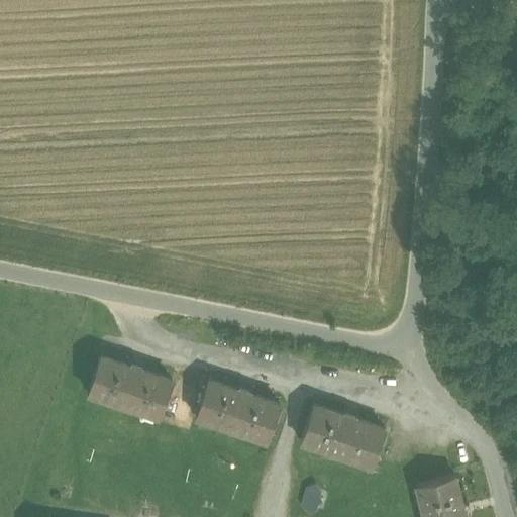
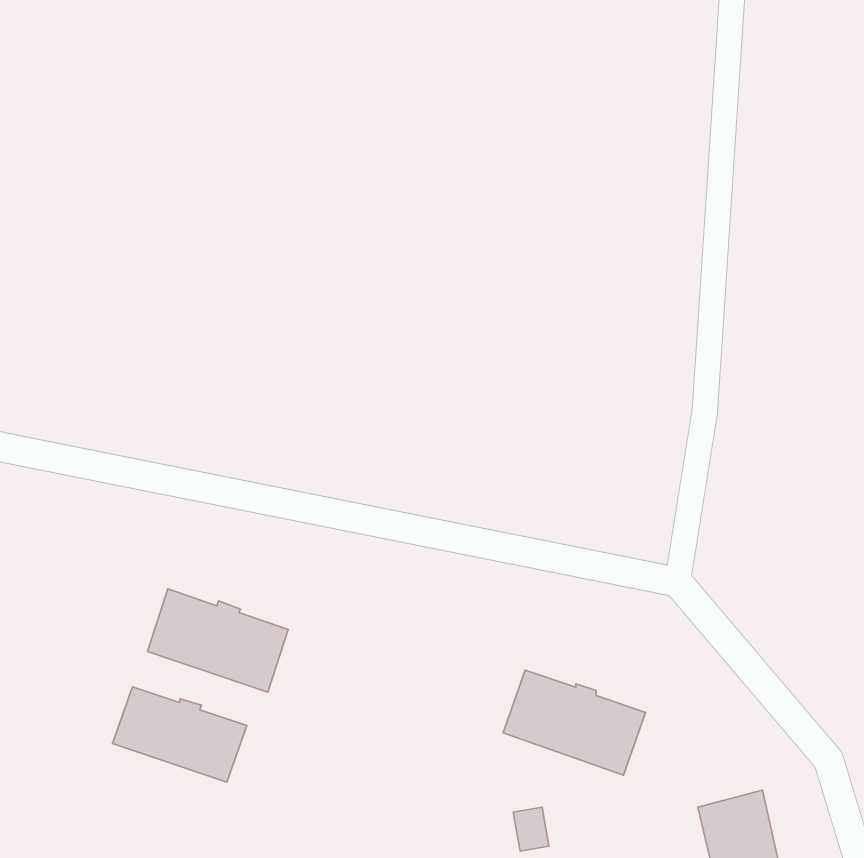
building: [196,379,281,441] -> none
building: none -> [113,687,247,782]

